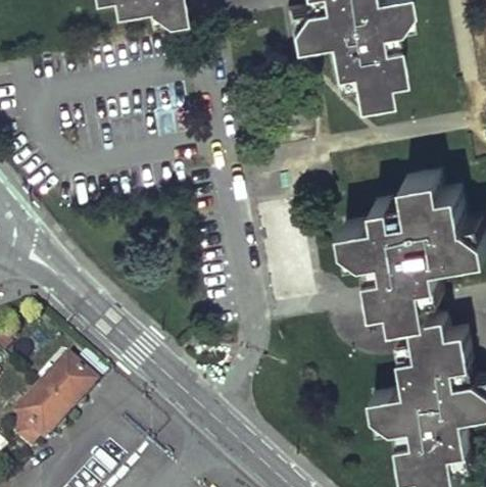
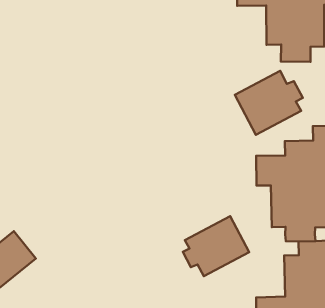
building: none -> [235,71,303,135]
building: none -> [183,216,249,276]

